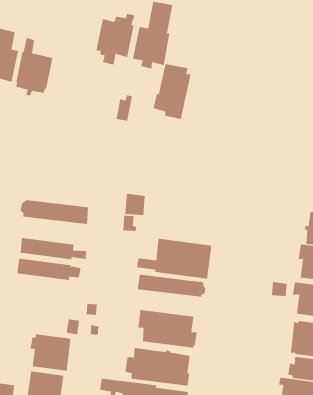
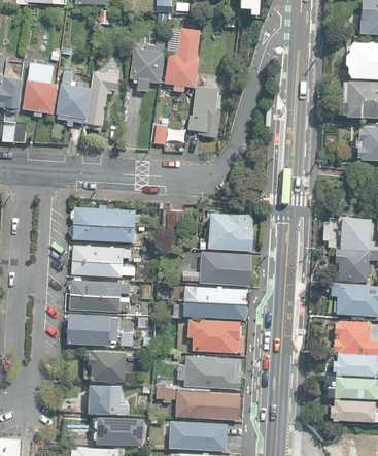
building: none -> [85,70,119,131]
building: none -> [70,206,138,227]
building: none -> [208,213,253,252]
building: none -> [72,246,131,263]
building: none -> [69,294,130,313]
building: none -> [183,301,248,320]
building: none -> [67,314,118,346]

